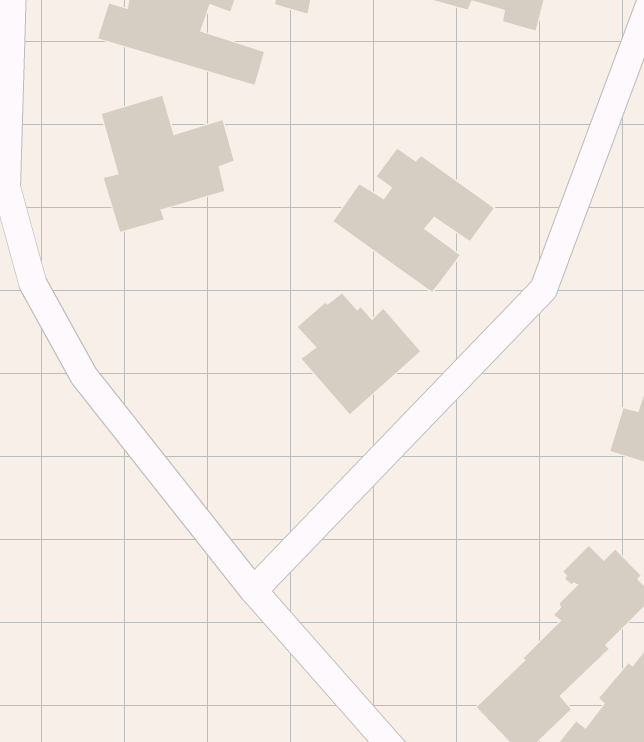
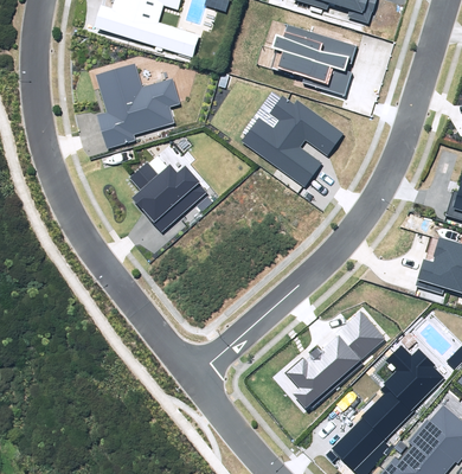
building: none -> [270,24,357,95]
building: [297,293,421,415] -> [129,155,207,232]
building: none -> [285,310,385,408]

